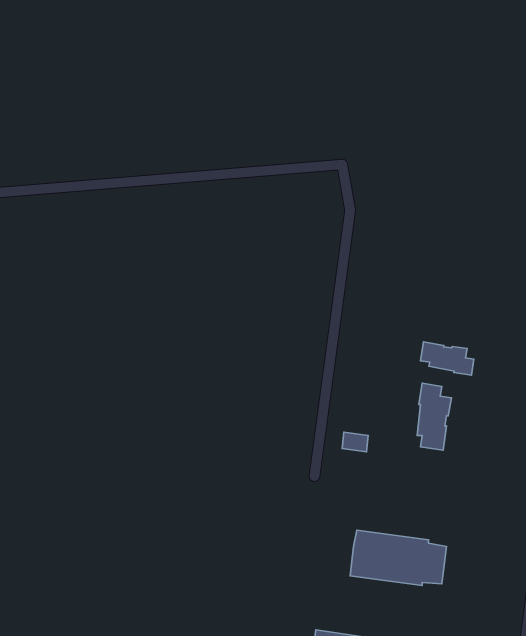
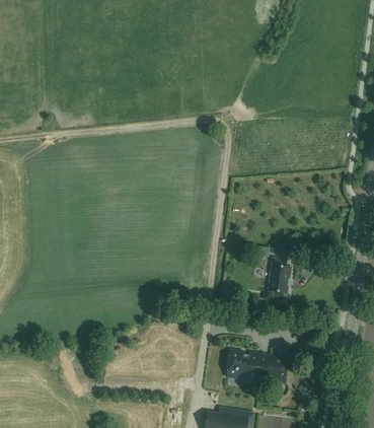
building: [420,342,474,375] -> none

